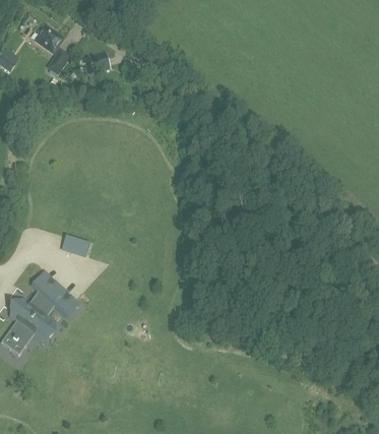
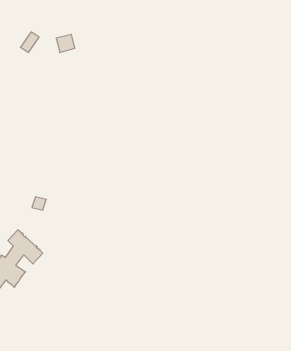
building: [35,26,63,54] -> none

